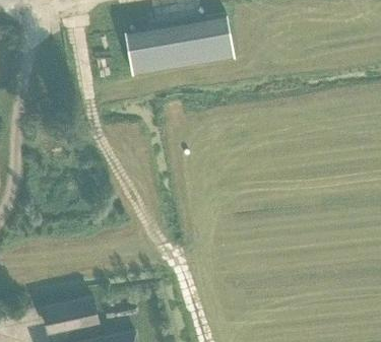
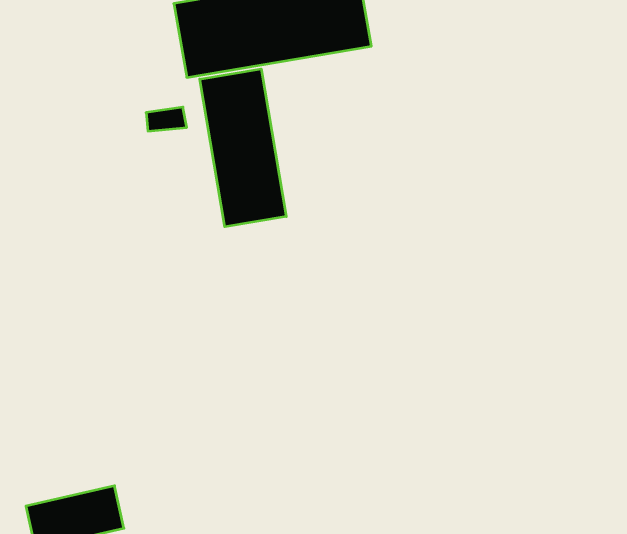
building: none -> [200,69,286,227]

